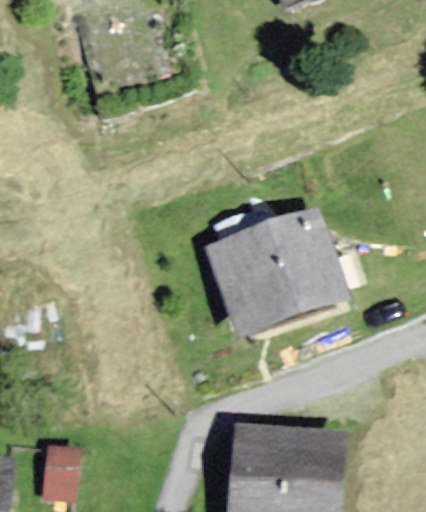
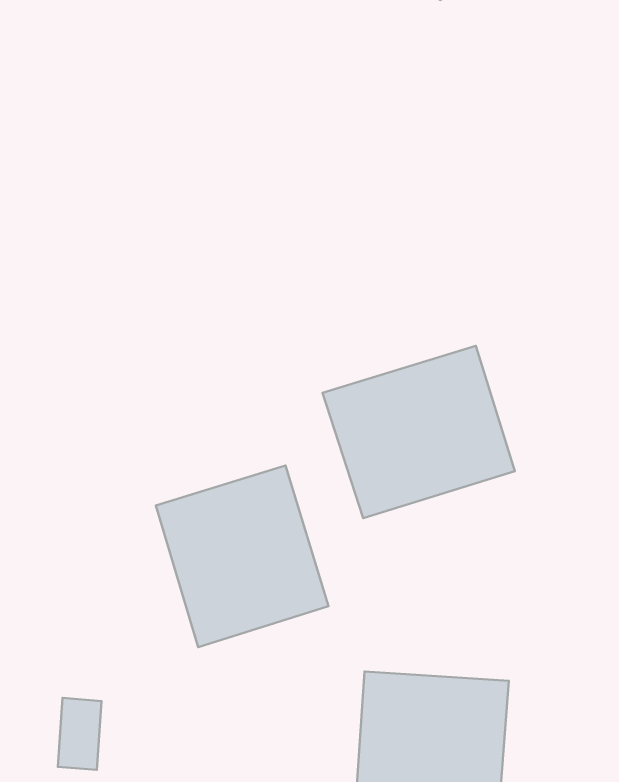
building: none -> [156,466,329,647]

